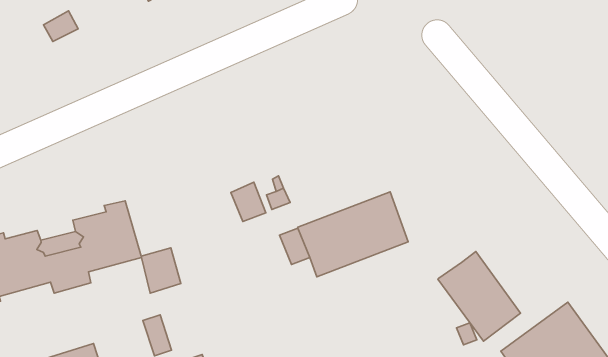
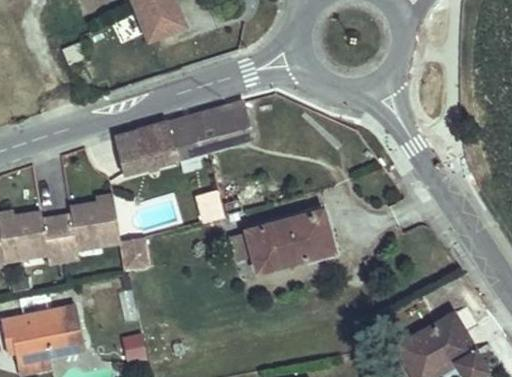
building: none -> [114,102,251,174]
building: [438,252,521,341] -> none

